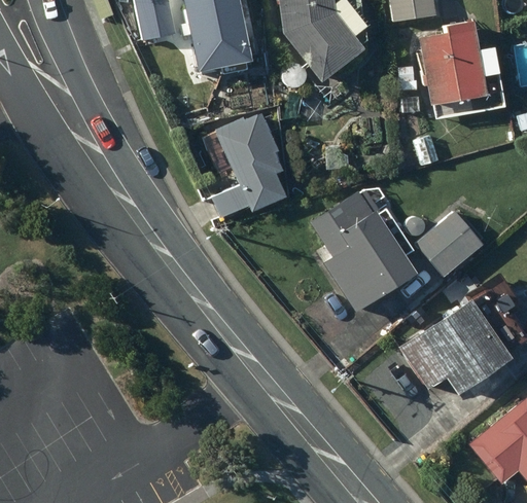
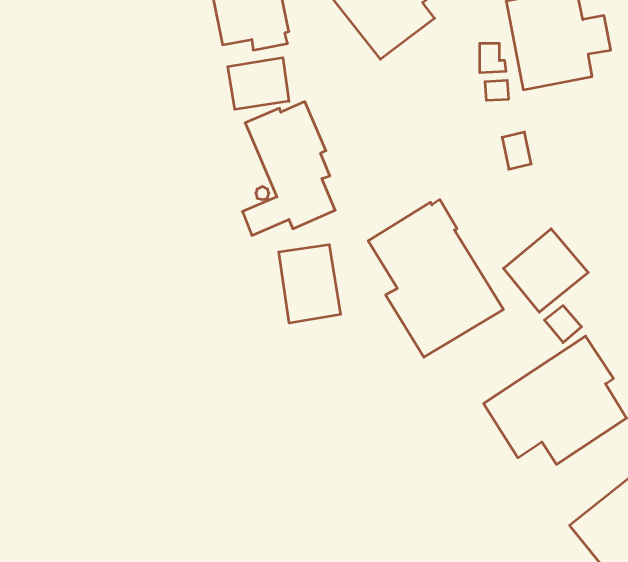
building: none -> [228,58,289,109]
building: none -> [279,245,341,323]

